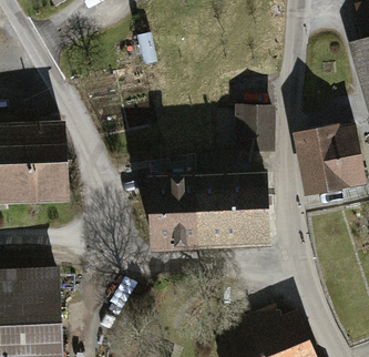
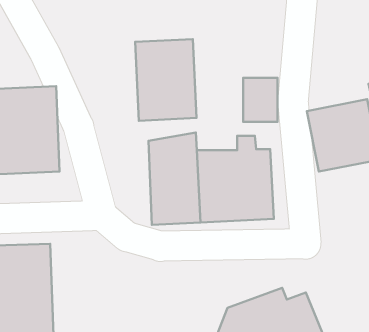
building: none -> [135,39,197,121]

